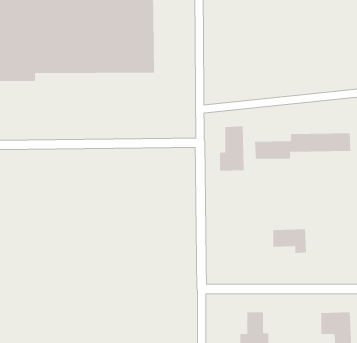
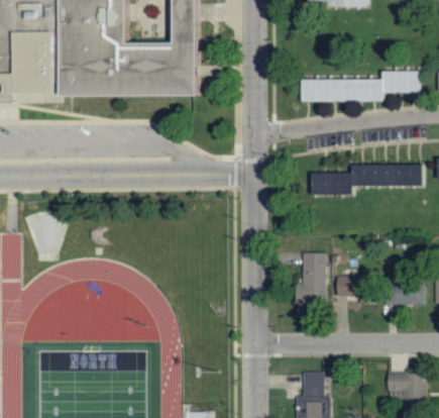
building: none -> [304,70,421,101]
building: [219,126,244,171] -> [297,252,326,305]
building: none -> [385,284,423,305]

